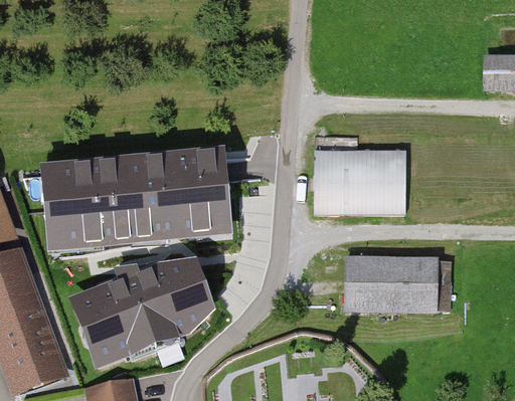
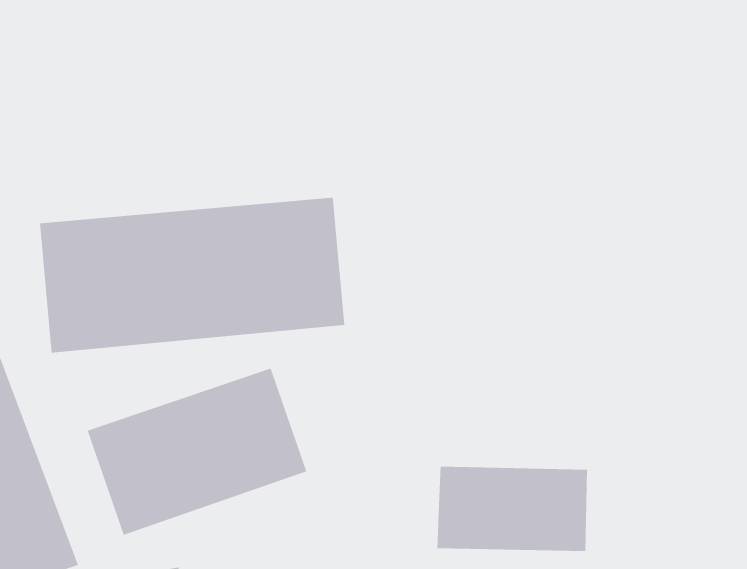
building: [313,147,405,210] -> none
building: [344,255,437,308] -> [436,466,588,552]

